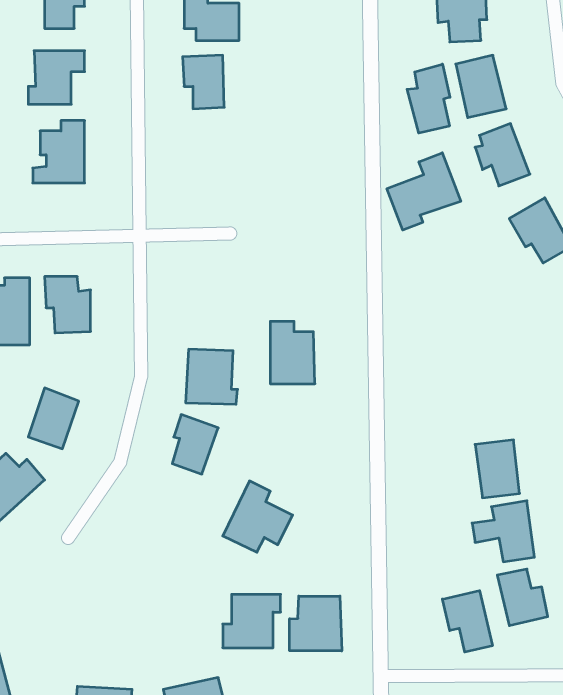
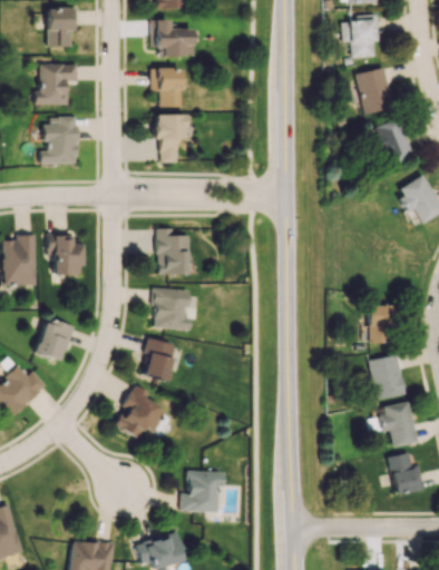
building: [407,64,450,133] -> none
building: none -> [155,114,186,161]
building: [387,153,461,230] -> none
building: [270,321,315,384] -> [157,227,191,274]
building: none -> [369,304,392,343]
building: [223,481,293,552] -> [115,384,167,438]
building: [442,591,492,652] -> none
building: [290,596,342,651] -> none

